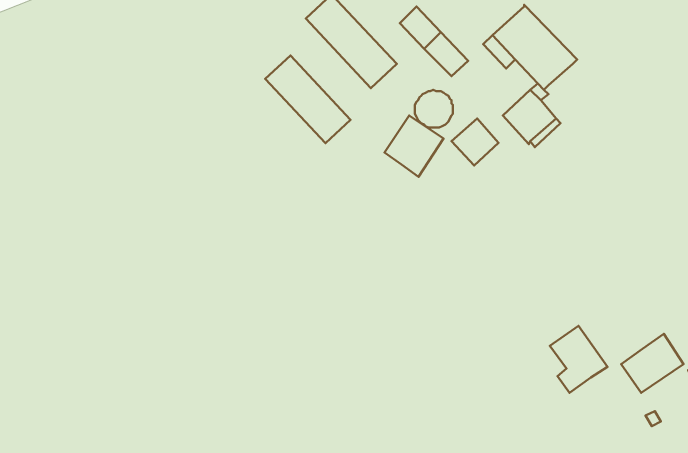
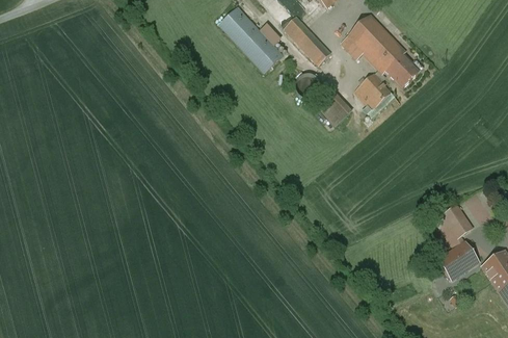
building: [265,56,351,143] -> none
building: none -> [385,55,423,87]
building: [384,116,443,177] -> none
building: [550,326,607,393] -> [436,205,476,251]

